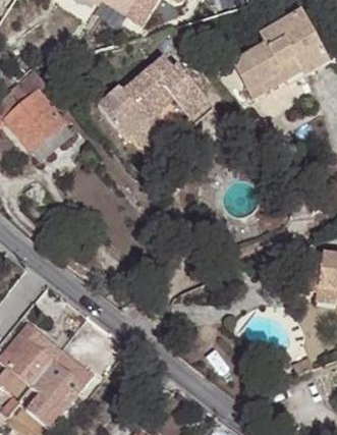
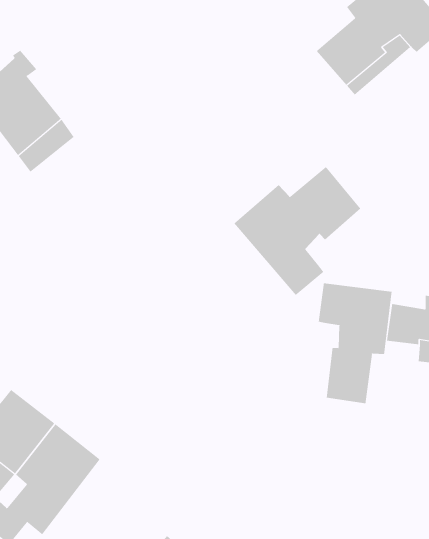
building: [98,57,214,143] -> none
building: none -> [233,166,361,296]
building: none -> [318,283,392,404]

